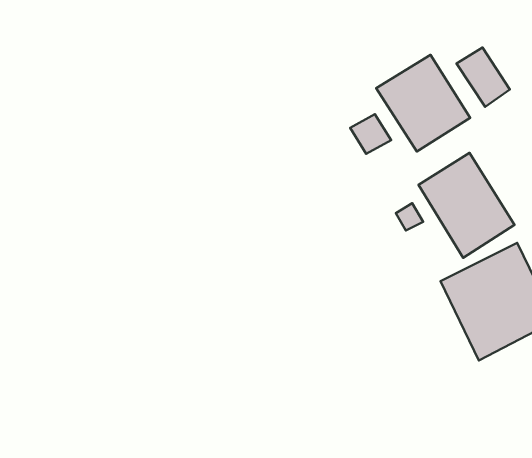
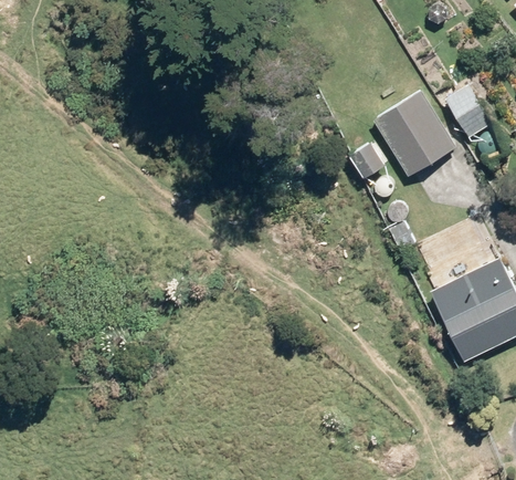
building: [419,153,515,258] -> none

